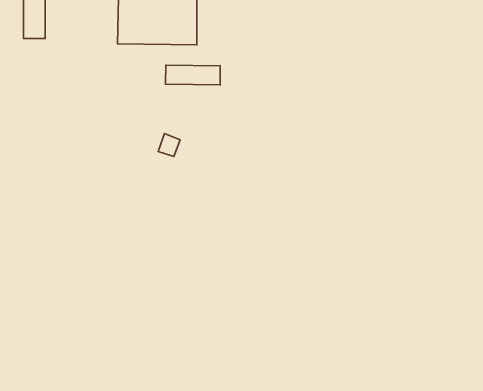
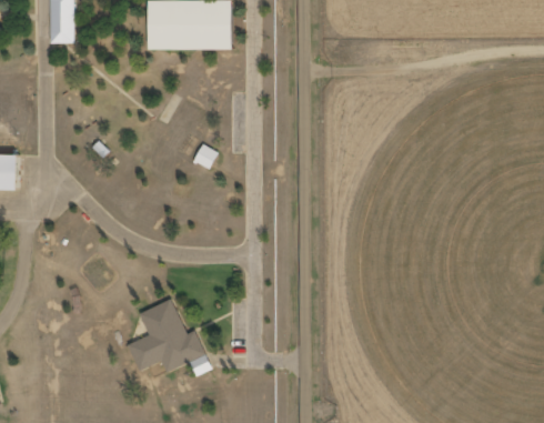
building: [166,65,220,85] -> none
building: none -> [127,300,210,376]

